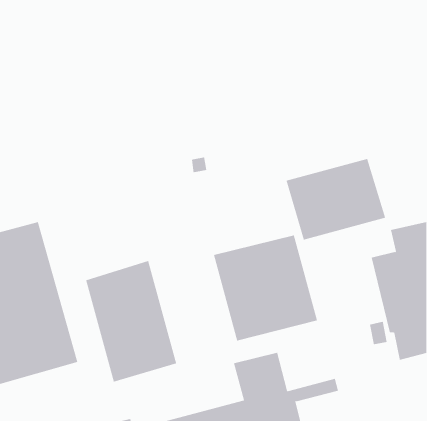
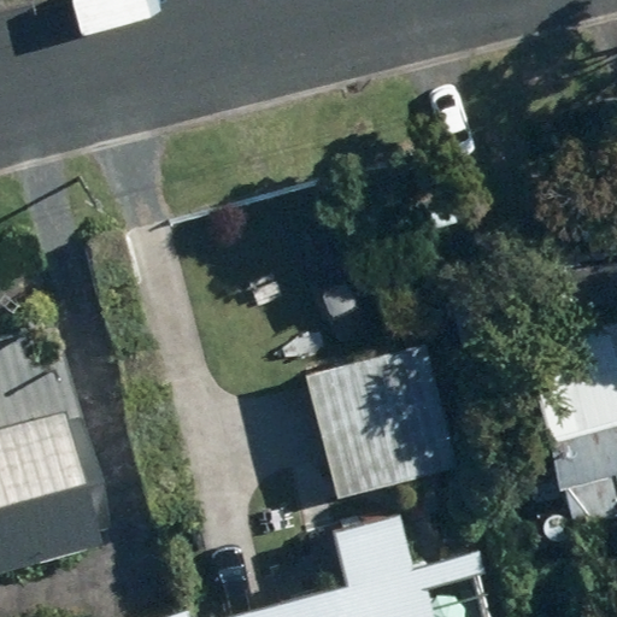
building: [286,158,386,241] -> none
building: [86,260,177,383] -> none

